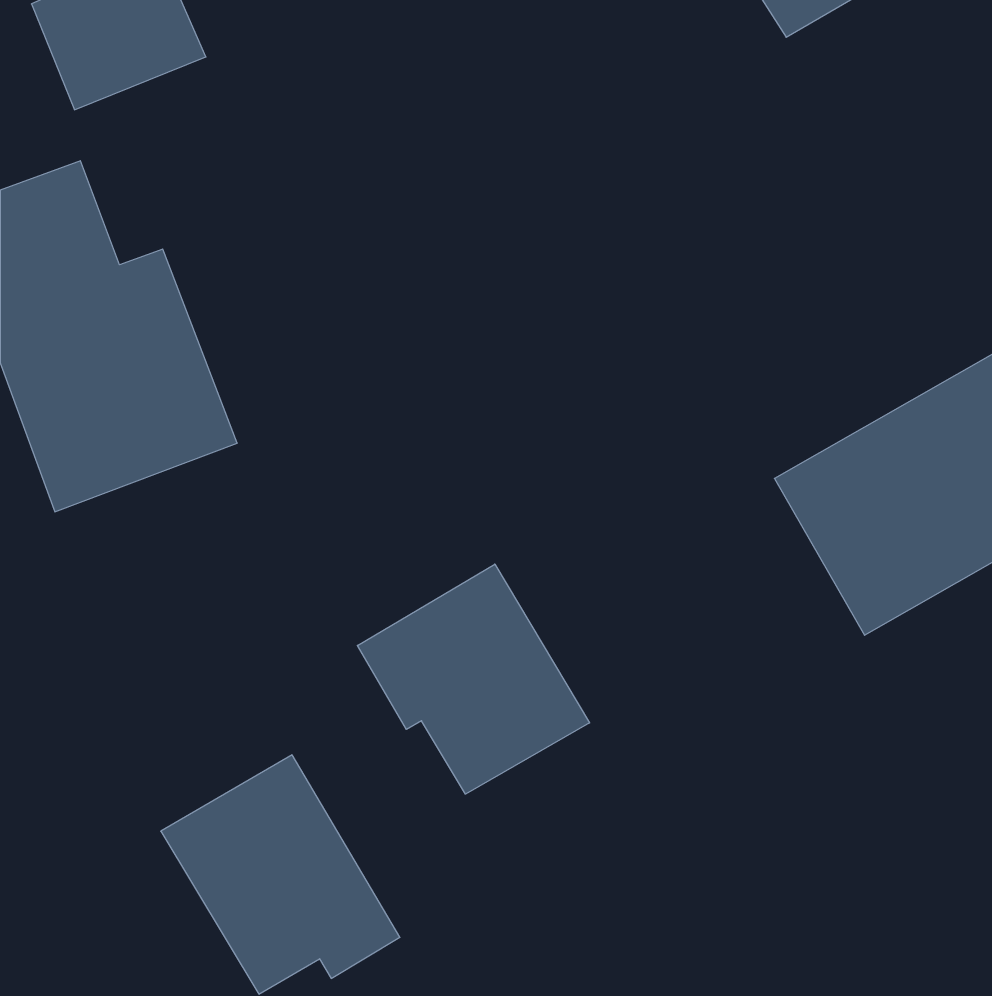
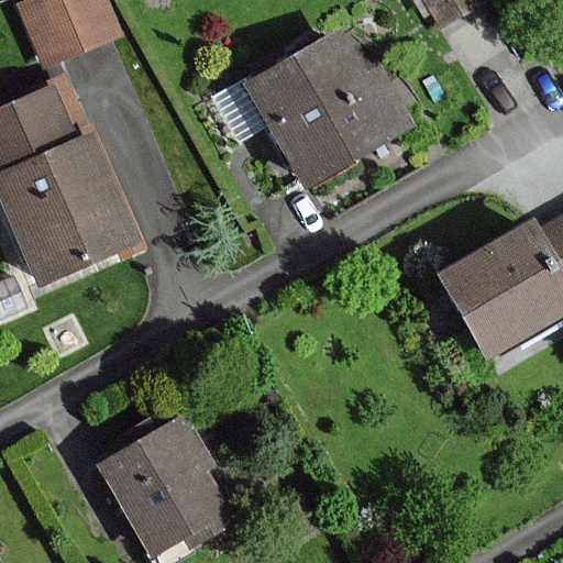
building: none -> [245,29,417,184]
building: [357,564,590,794] -> none

